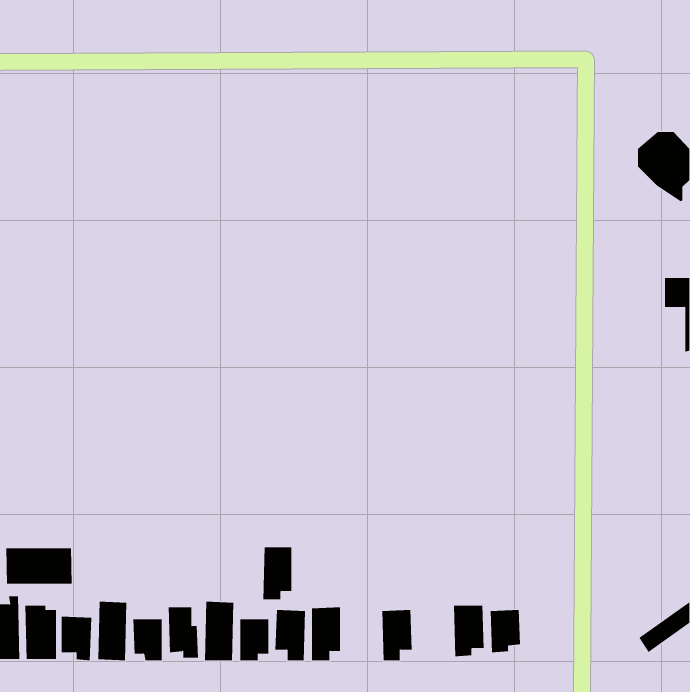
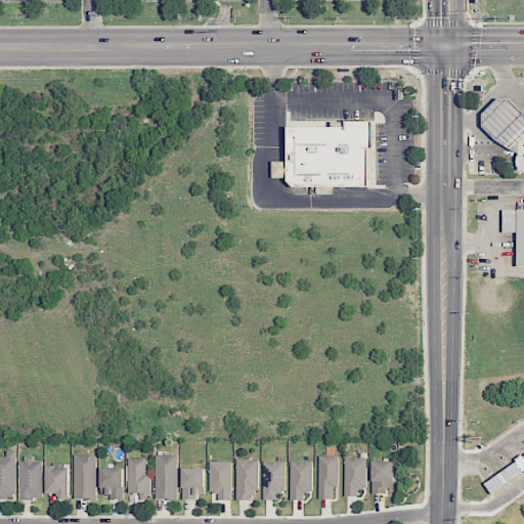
building: none -> [272,123,374,186]
building: [262,547,292,600] -> [262,460,285,499]
building: [6,548,72,584] -> none
building: none -> [317,455,338,498]

